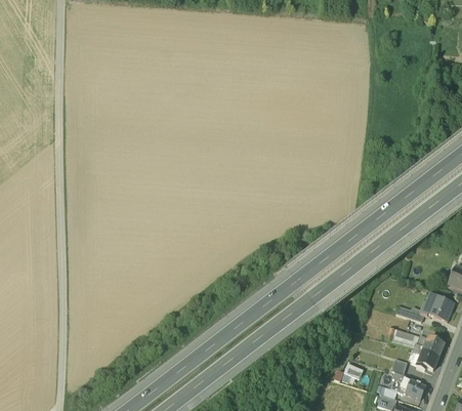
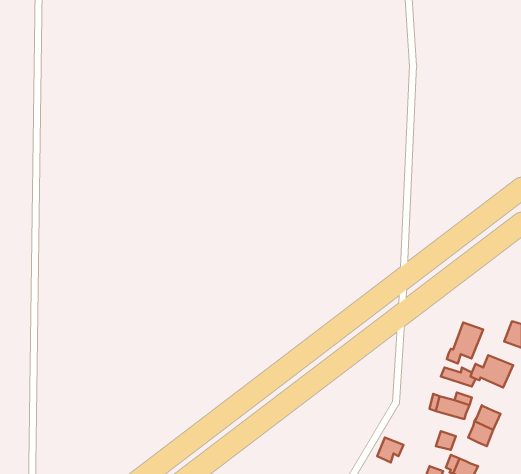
building: none -> [447,323,483,363]

